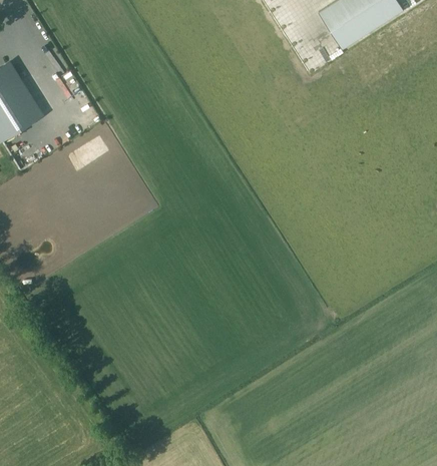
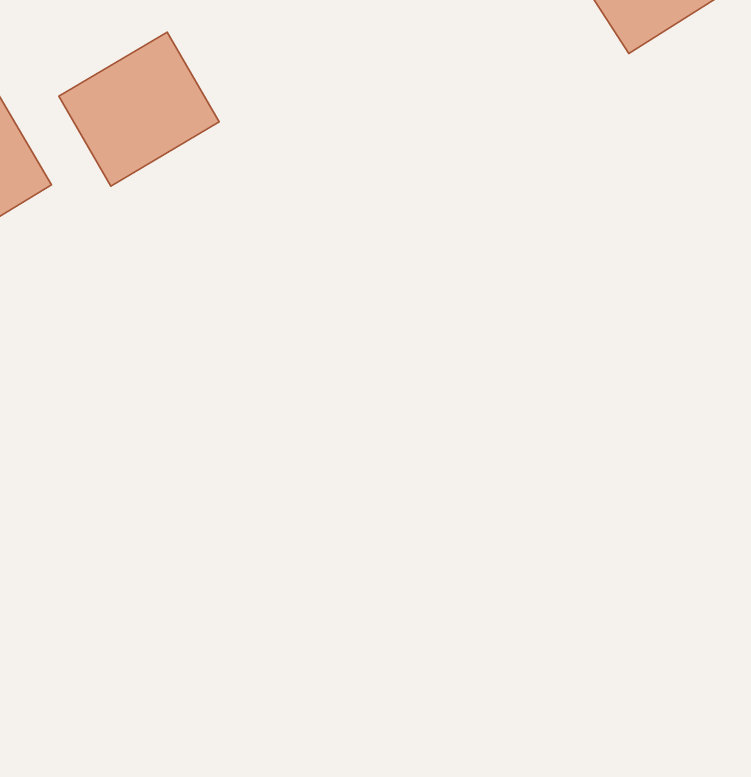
building: none -> [59,32,219,186]

